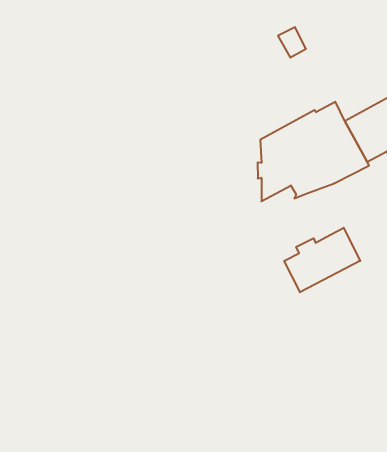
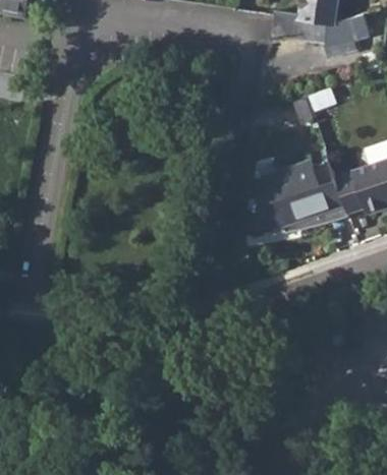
building: [284,228,360,292] -> none

